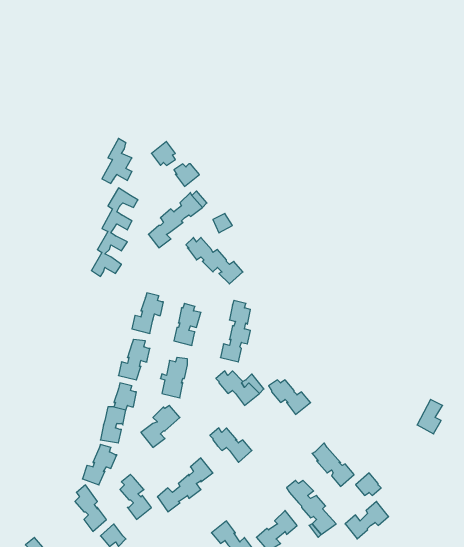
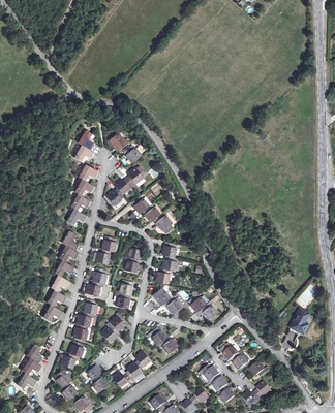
building: none -> [42,231,79,320]
building: none -> [16,344,42,388]

